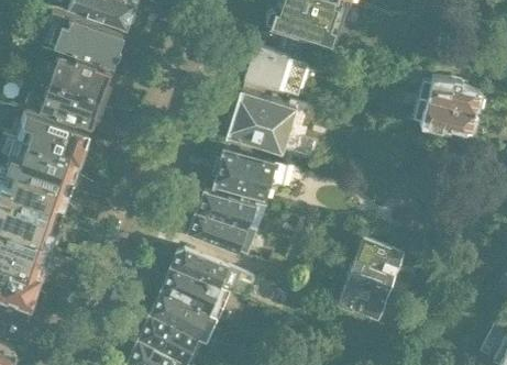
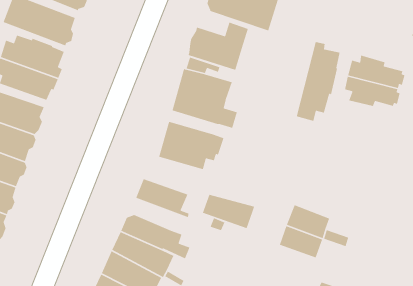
building: none -> [296,41,340,122]
building: [196,191,254,230] -> [202,194,255,229]
building: [335,286,385,323] -> none

